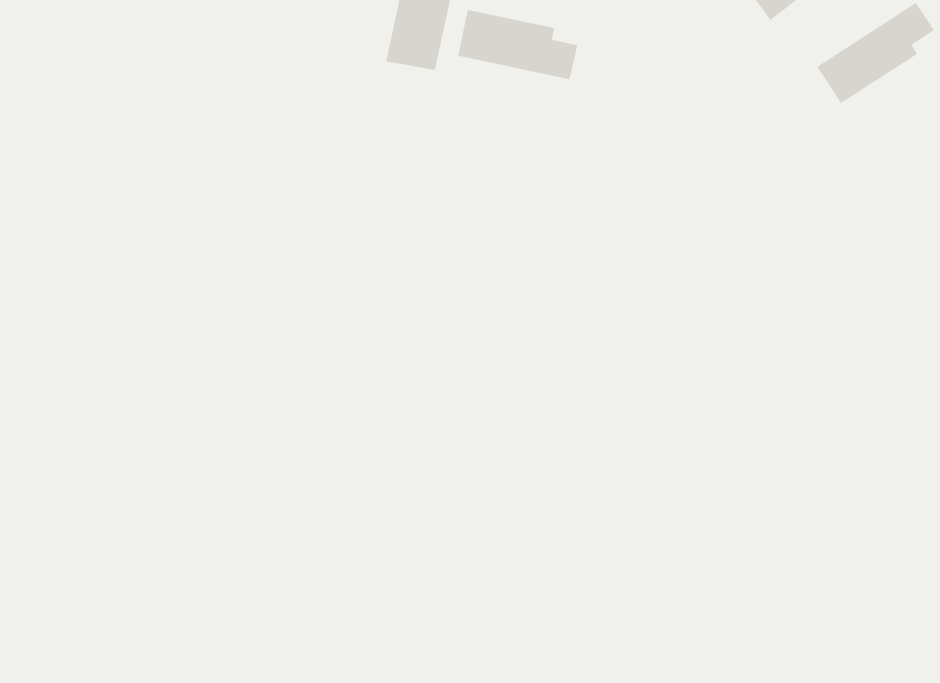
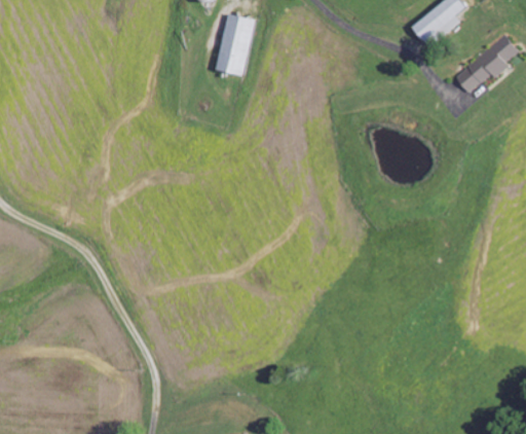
building: [457,9,578,80] -> none

